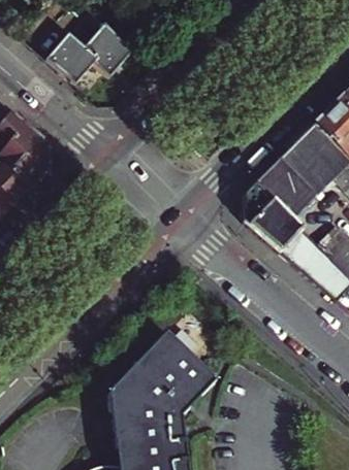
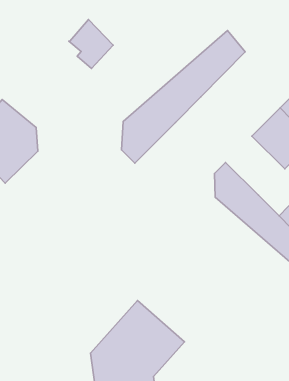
building: [45,33,97,85] -> none
building: none -> [121,31,245,163]
building: [256,152,321,216] -> none

